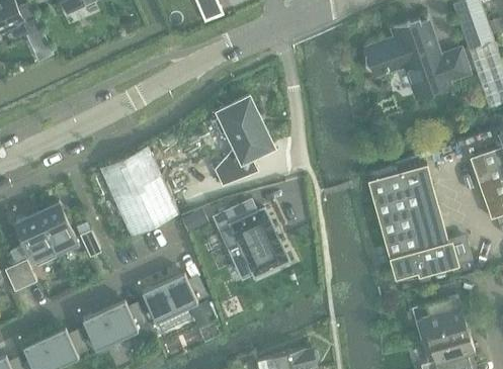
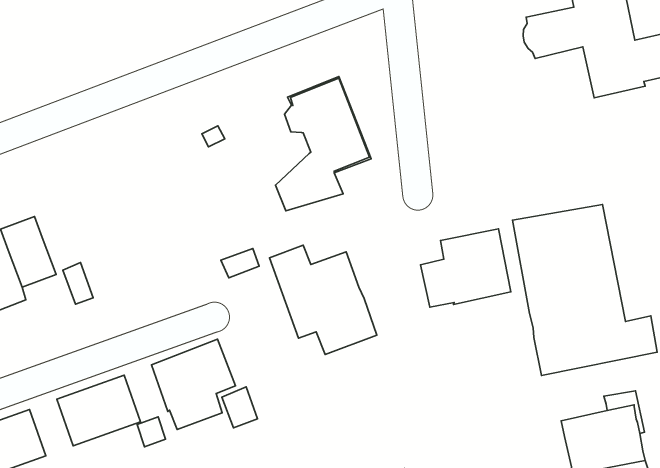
building: [99,147,179,238] -> none
building: none -> [420,229,511,307]

